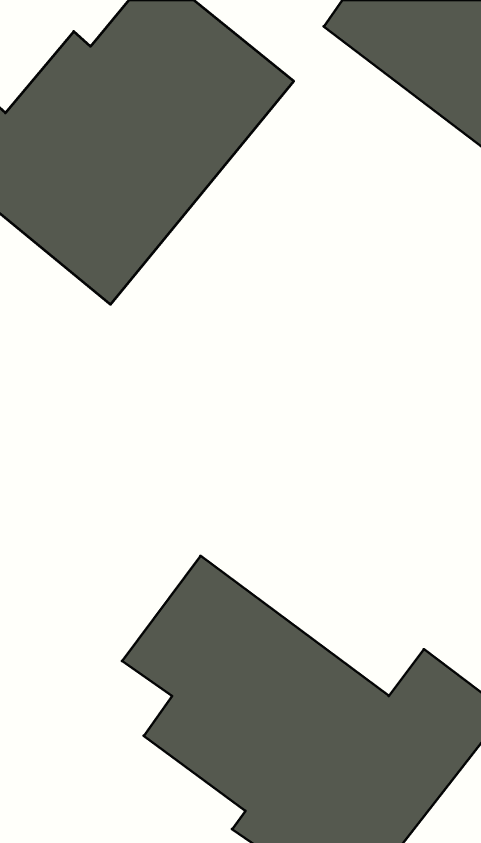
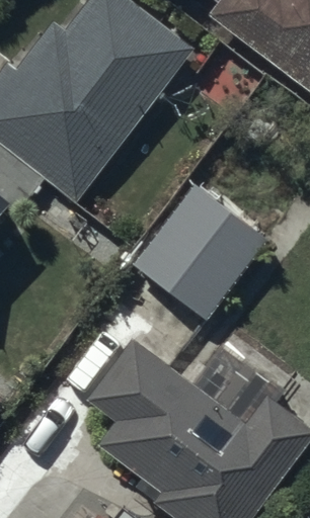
building: none -> [134,184,269,322]

